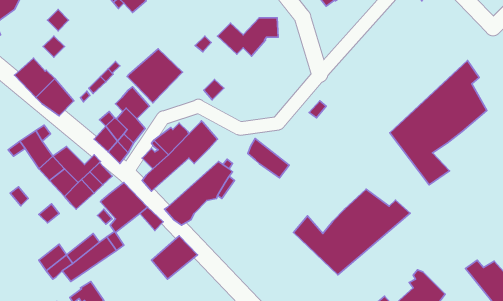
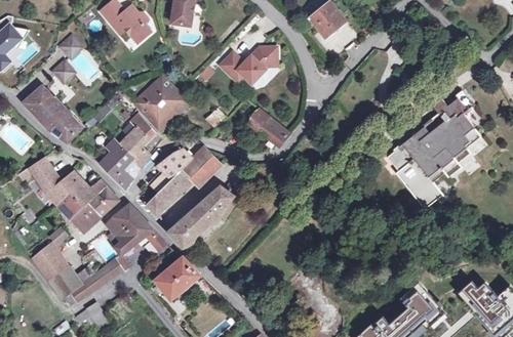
building: [248,138,289,178] -> [249,108,289,145]
building: [293,189,410,275] -> none
building: none -> [32,243,67,281]

